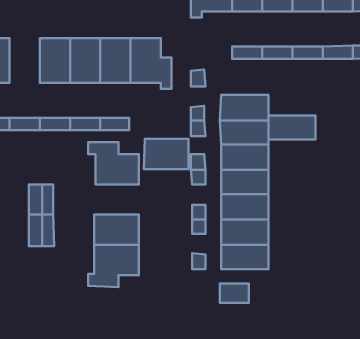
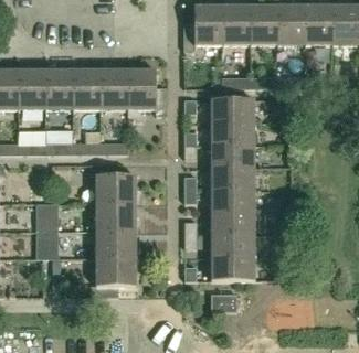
building: none -> [18,68,45,109]
building: [268,115,316,140] -> [211,98,254,120]
building: [144,139,188,169] -> [95,202,136,229]

